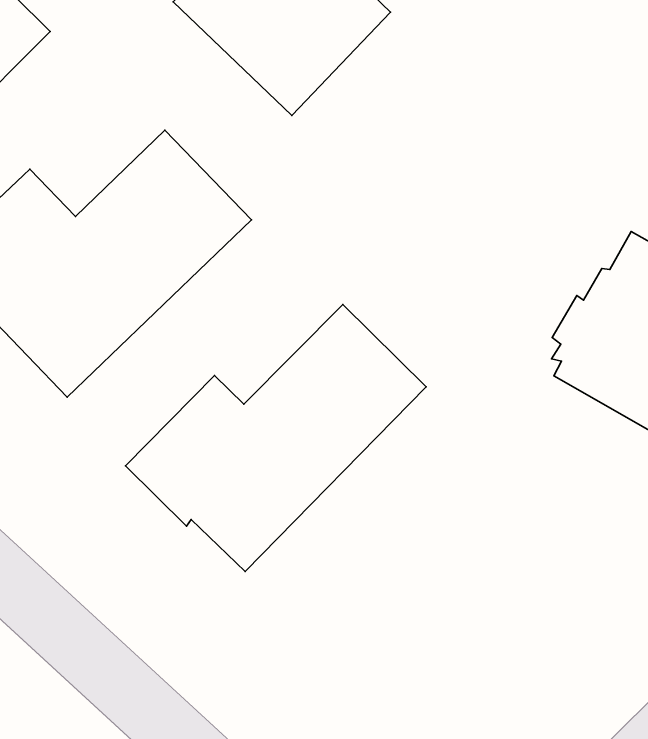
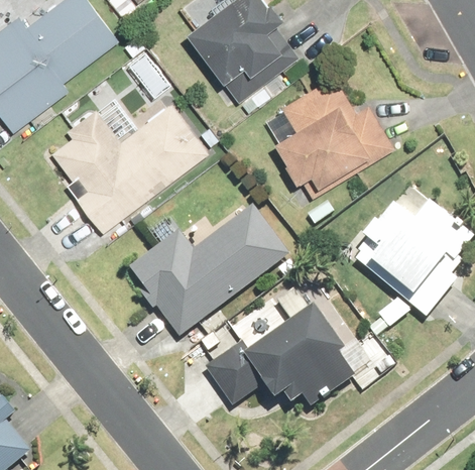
building: none -> [273,76,396,197]
building: none -> [205,306,353,407]

